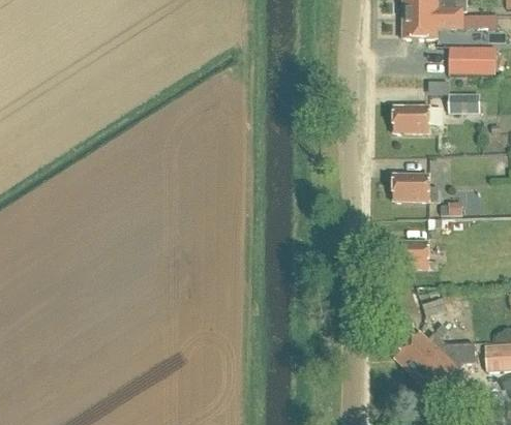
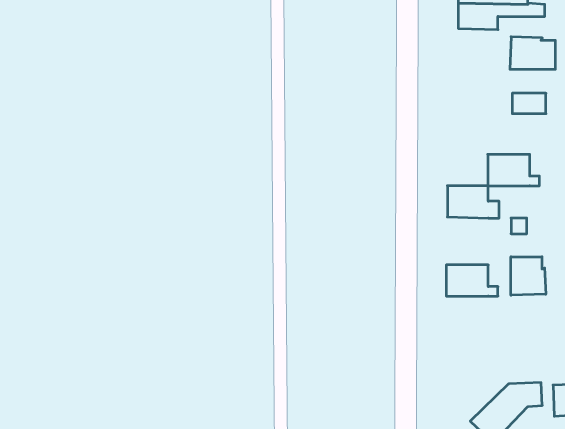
building: [394,105,439,132] -> [488,154,539,186]
building: none -> [511,257,546,295]
building: [395,332,447,375] -> none

